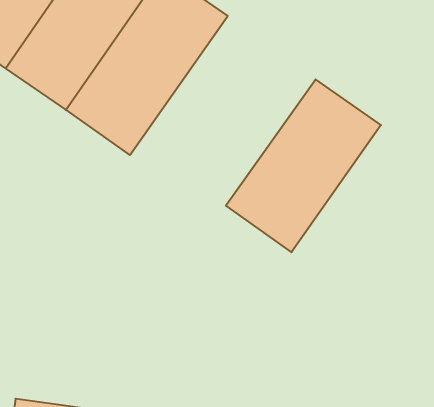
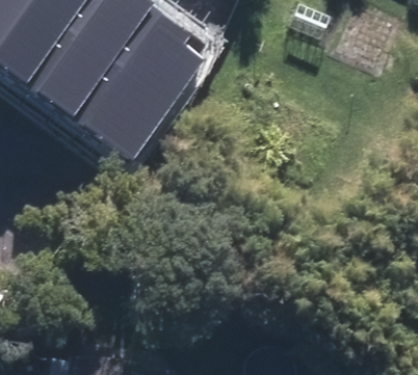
building: [226,79,381,252] -> none

